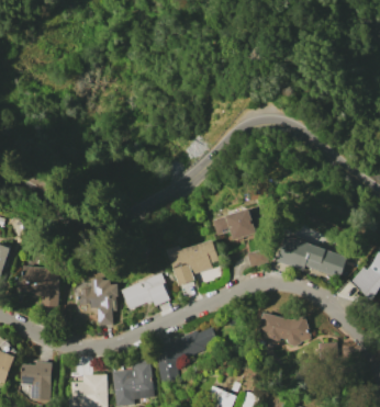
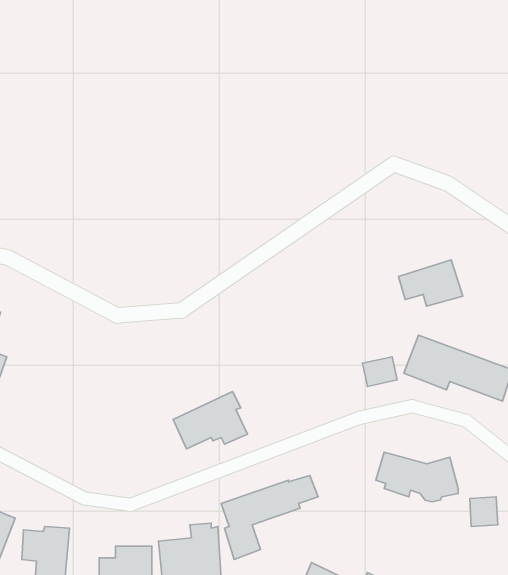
building: [213,208,256,239] -> [399,260,463,306]
building: [167,239,219,285] -> none
building: [20,265,62,307] -> none
building: [76,278,118,325] -> none

